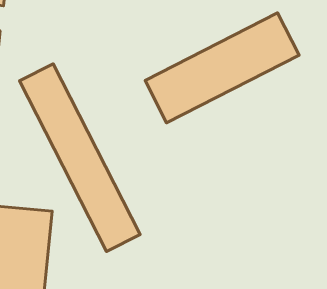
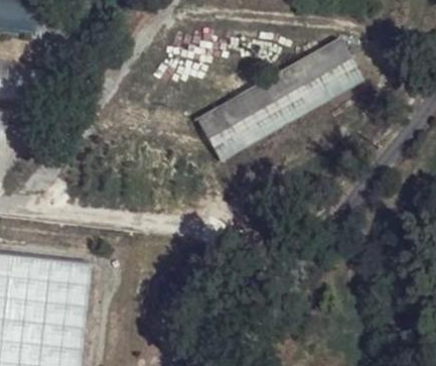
building: [19,64,140,252] -> none

